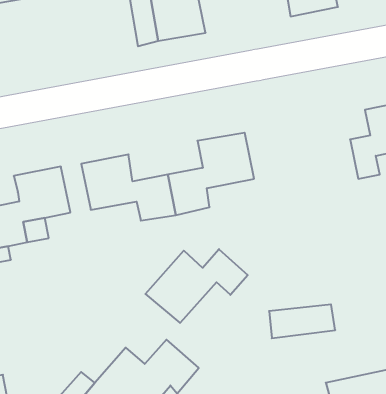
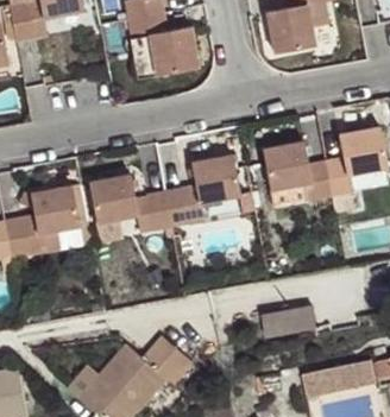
building: none -> [263,140,333,200]
building: [145,249,248,323] -> none

